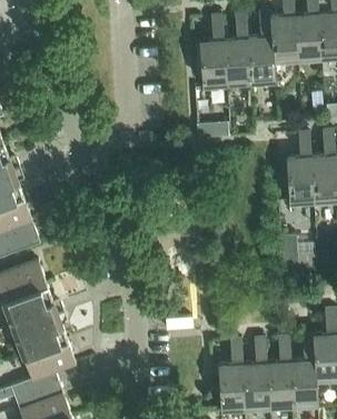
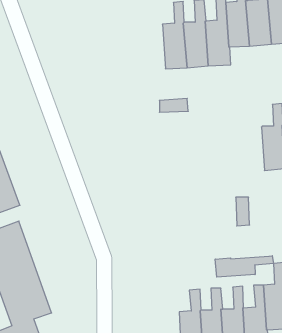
building: [286,129,314,206] -> none
building: none -> [215,256,273,277]

